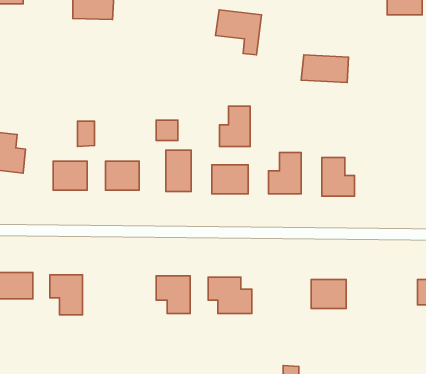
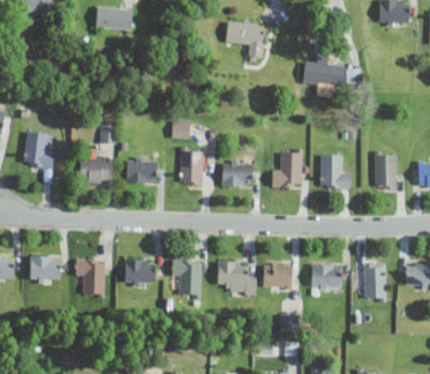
building: [219,106,250,146] -> none
building: none -> [376,151,397,188]
building: none -> [125,259,156,285]
building: none -> [263,262,294,288]
building: none -> [365,263,385,299]

